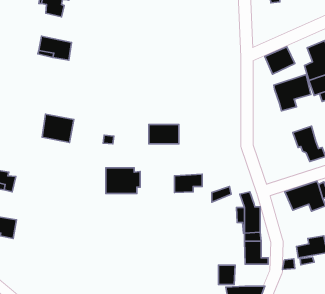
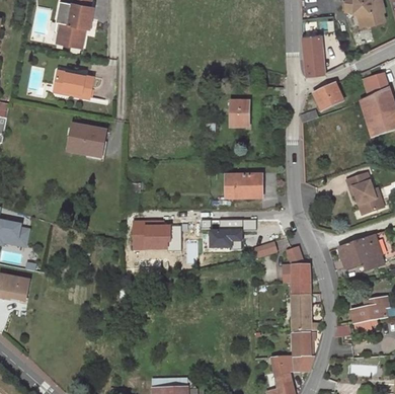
building: none -> [301,33,323,76]
building: none -> [229,100,247,128]
building: [274,75,311,111] -> none
building: [42,114,74,142] -> [68,125,104,157]
building: [149,124,179,144] -> [225,175,259,198]
building: [218,265,235,284] -> [292,333,311,356]

